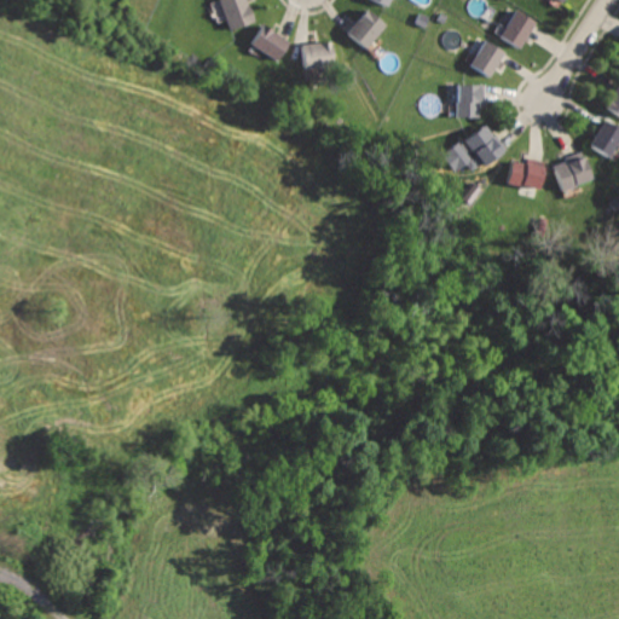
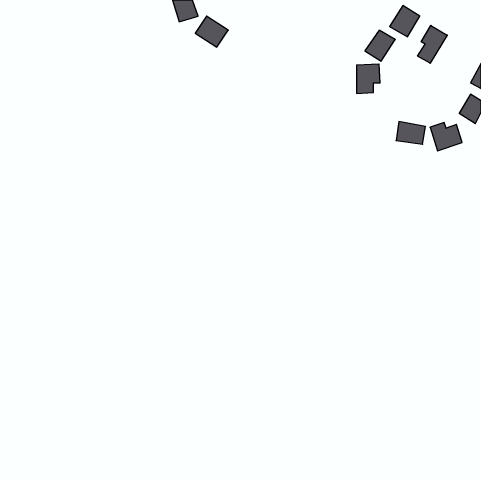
building: [345,8,387,52] -> none
building: none -> [418,25,447,63]
building: [300,39,335,71] -> none
building: [440,126,503,174] -> none

